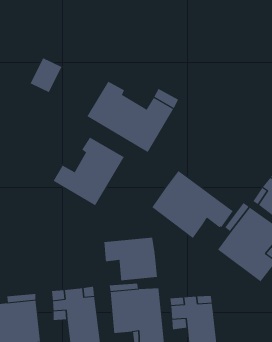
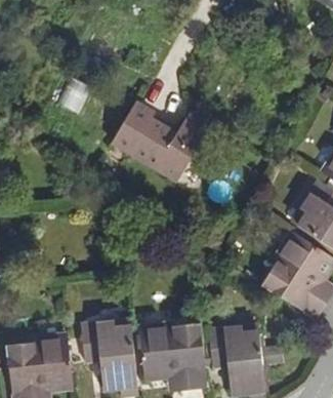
building: [53,137,124,206] -> none
building: [152,170,234,239] -> none
building: [104,237,157,281] -> none

